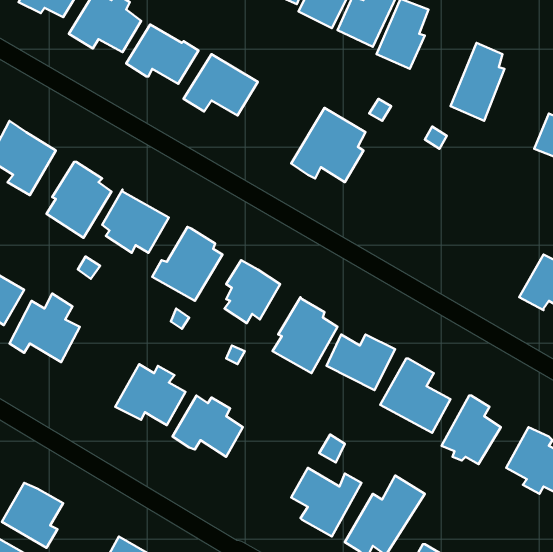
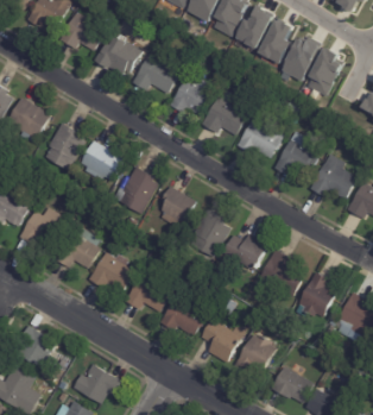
building: none -> [277,36,317,81]
building: none -> [169,76,214,114]
building: none -> [236,117,286,158]
building: none -> [274,131,320,177]
building: none -> [310,155,356,200]
building: none -> [55,232,100,269]
building: none -> [160,296,207,337]

